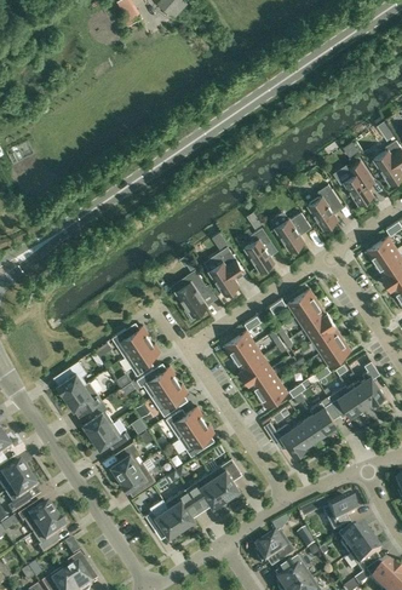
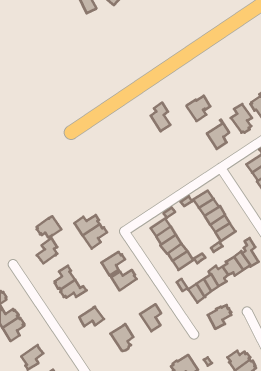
building: [275,212,310,250] -> [187,96,210,121]
building: [245,228,274,270] -> [151,103,170,131]
building: [208,250,243,293] -> none
building: [176,270,207,320] -> none
building: [136,366,177,396] -> none
building: [65,382,102,413] -> [37,216,61,237]
building: [178,420,213,457] -> none
building: [110,441,140,477] -> none
building: [186,472,225,506] -> none
building: [322,498,357,533] -> [208,305,231,329]
building: [145,502,182,537] -> none
building: [18,506,57,535] -> none

